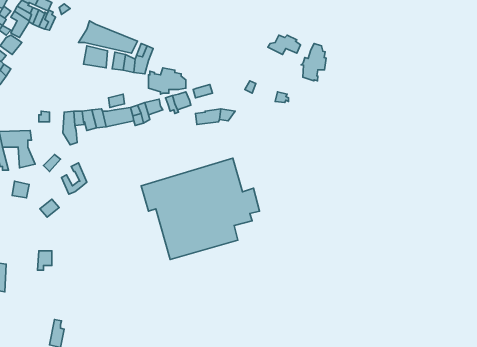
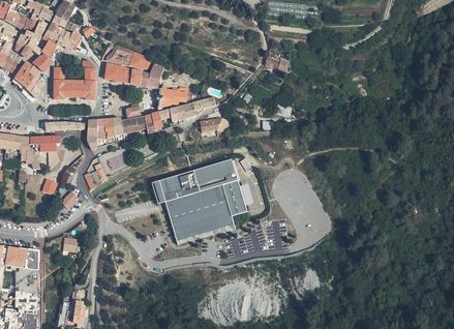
building: none -> [53,60,94,98]
building: [301,44,326,81] -> none

